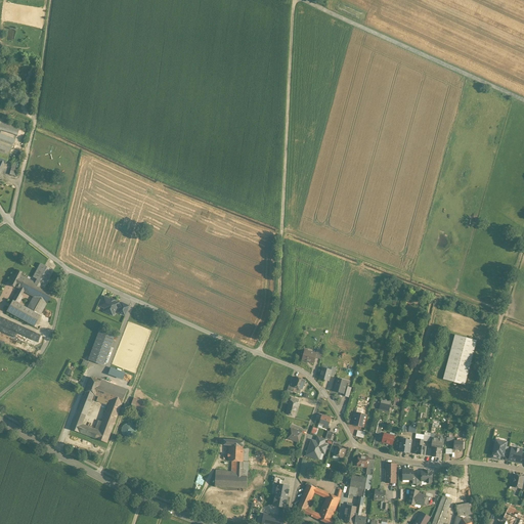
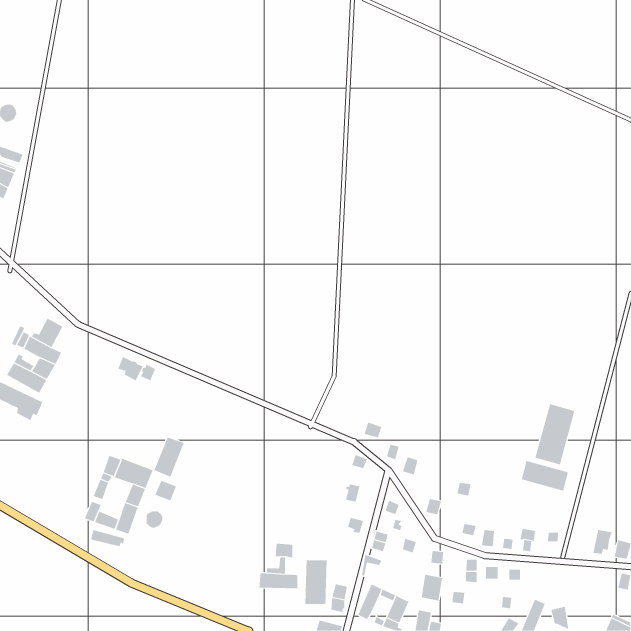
building: [88,331,114,364] -> [153,437,184,478]
building: none -> [521,460,568,492]
building: none -> [305,559,327,605]

